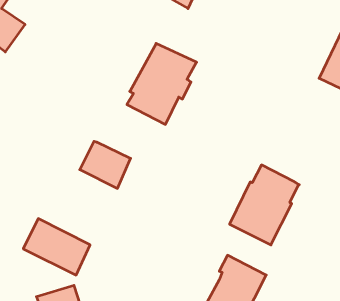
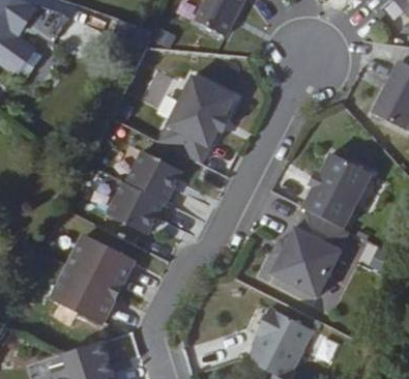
building: none -> [126,151,181,202]
building: none -> [302,153,371,227]
building: none -> [62,233,137,296]

